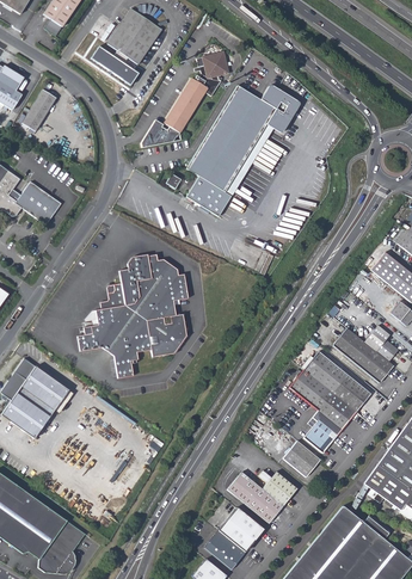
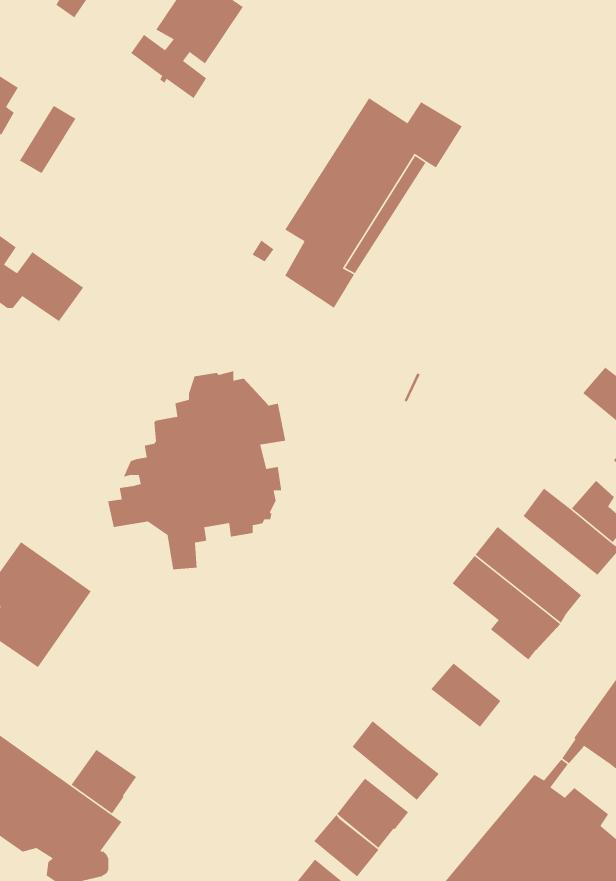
building: [142,47,230,147] -> none
building: [305,415,338,452] -> none
building: [259,470,297,505] -> none
building: none -> [71,749,137,814]

